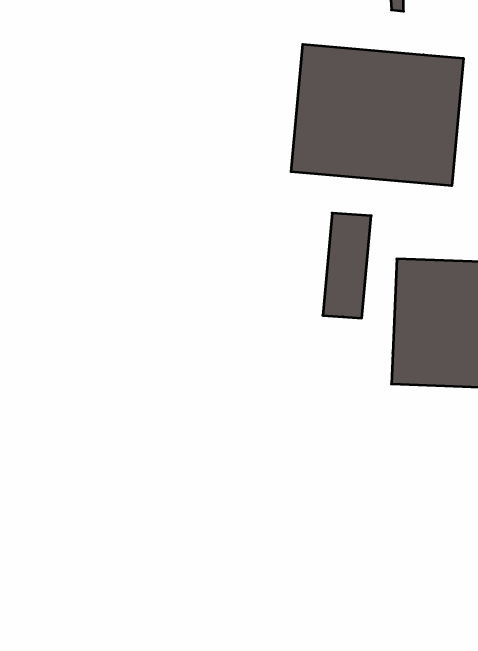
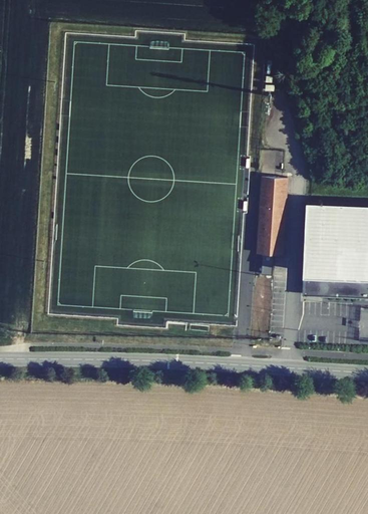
building: [291,44,463,186] -> none

